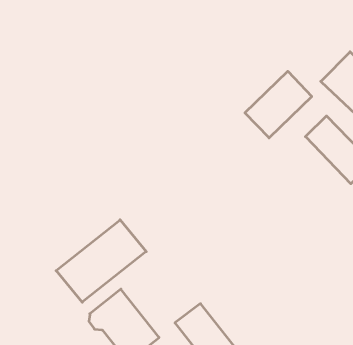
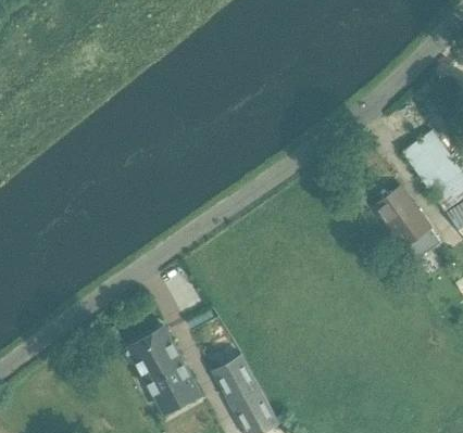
building: [245,71,312,138] -> none
building: [56,220,146,302] -> none

